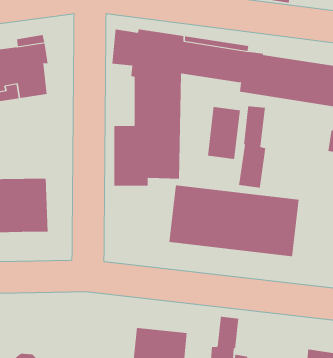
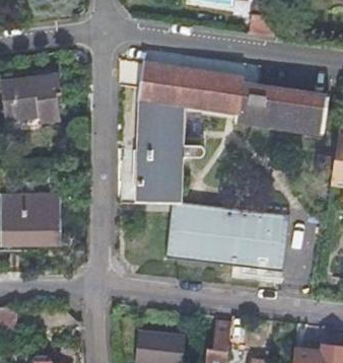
building: [239,105,266,188] -> none
building: [207,106,240,160] -> none

